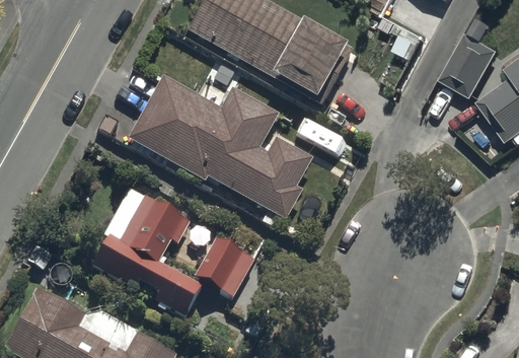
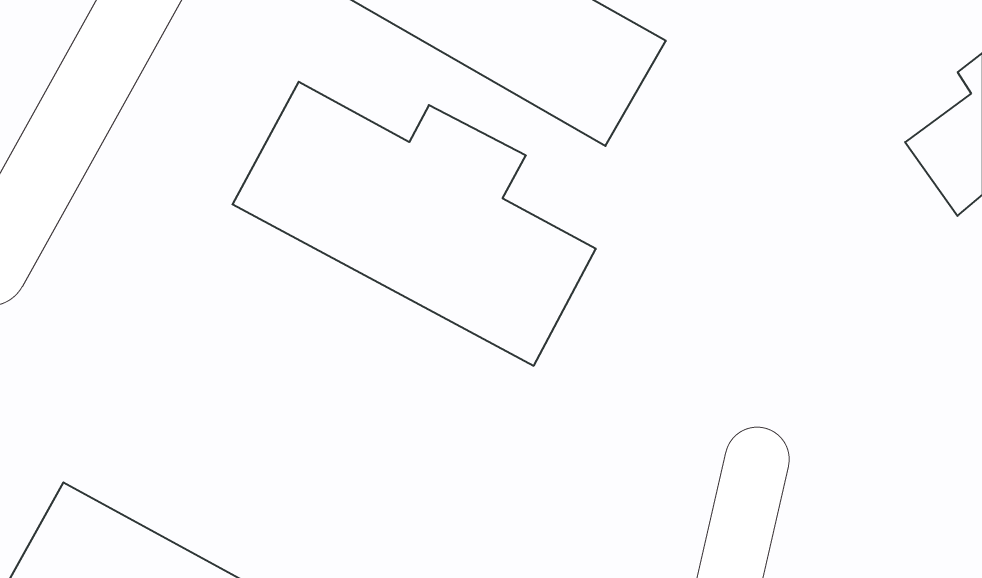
building: [441,32,499,97] -> none
building: [90,192,254,318] -> none

